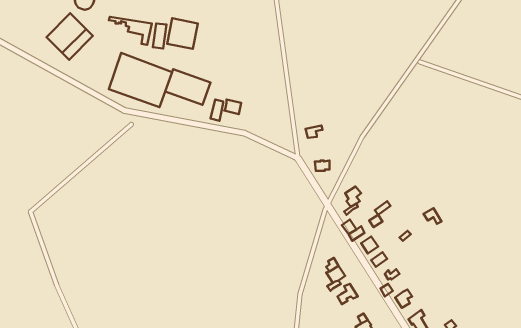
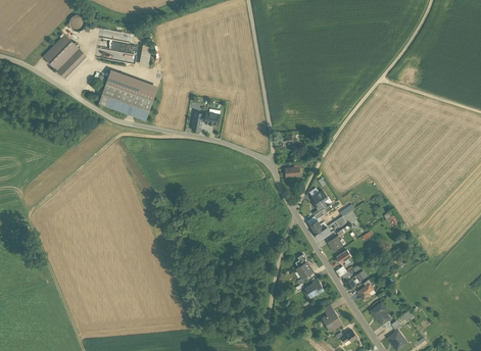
building: [167,18,198,49] -> none
building: [165,69,211,105] -> none

